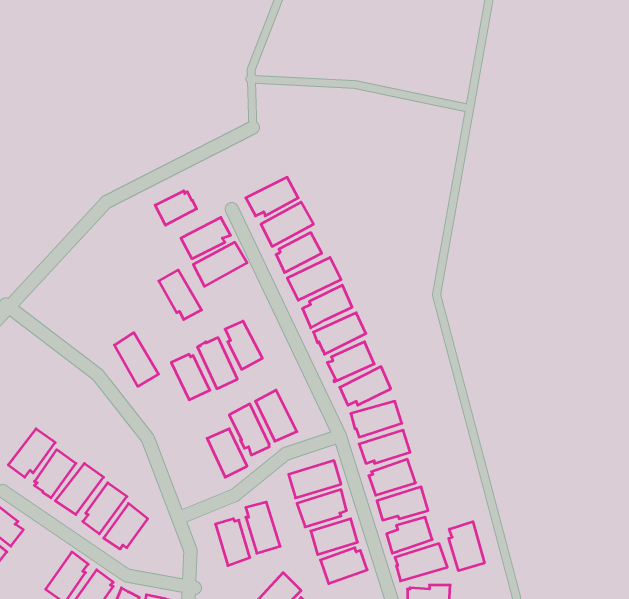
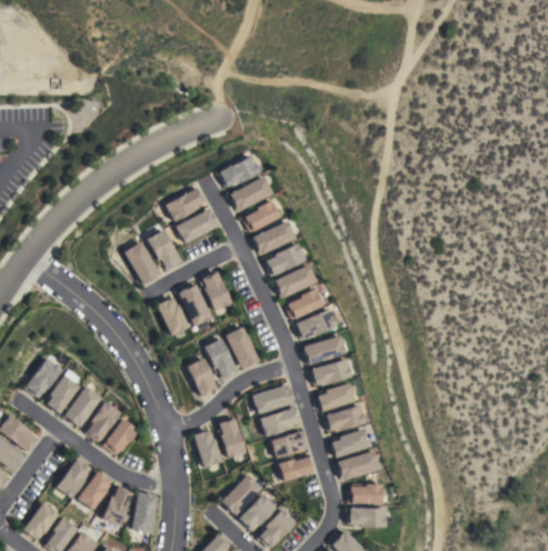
building: [155,191,197,225] -> none
building: [114,333,159,386] -> [126,241,161,284]
building: [449,522,484,571] -> none

